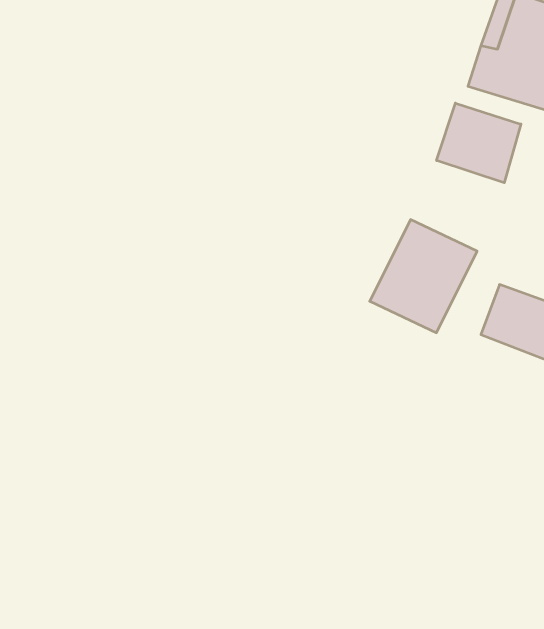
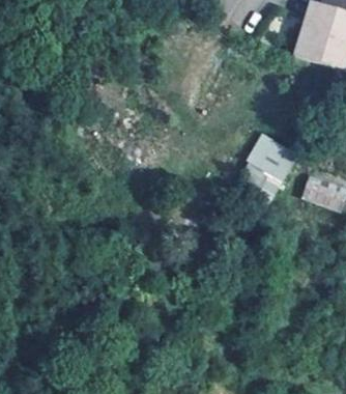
building: [437,103,521,183] -> none

